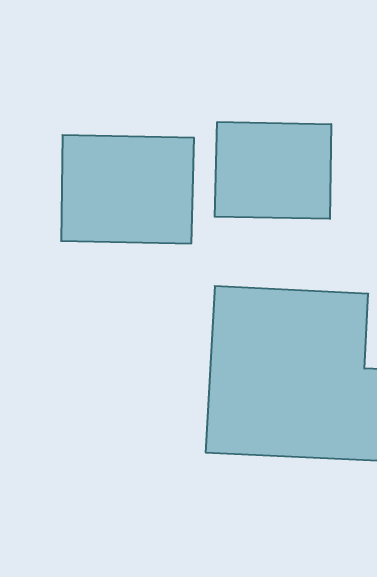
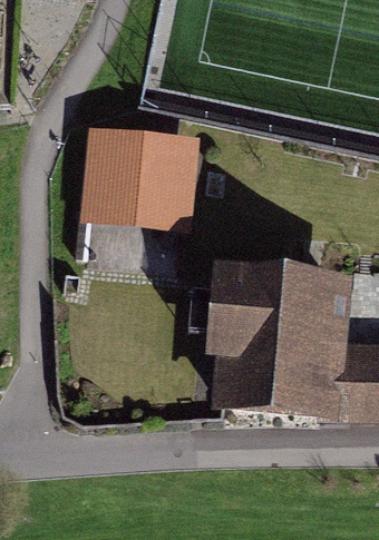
building: [215,122,331,219] -> none

